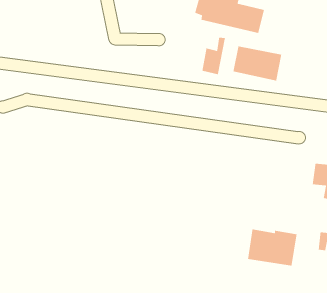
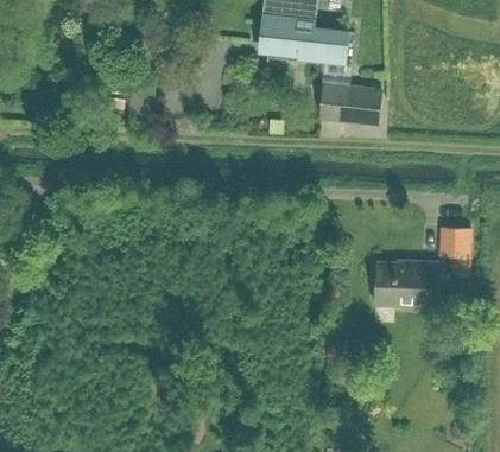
building: [201,37,226,75] -> none
building: [247,228,297,267] -> [373,260,436,306]

